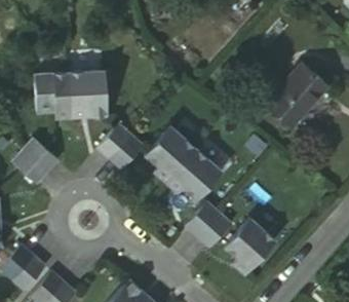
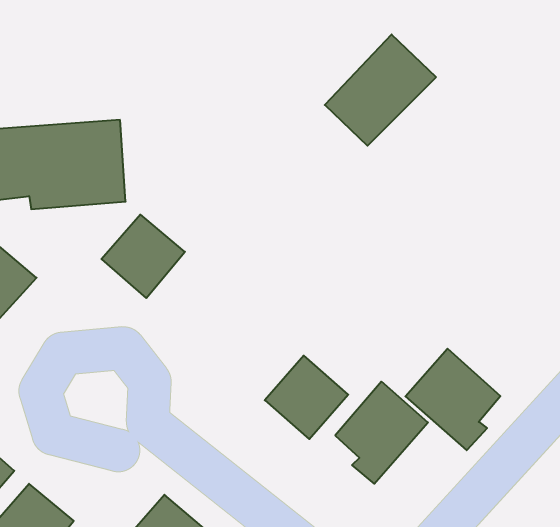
building: [262,61,323,122] -> [325,34,436,146]
building: [144,124,221,197] -> none
building: none -> [405,349,500,450]

